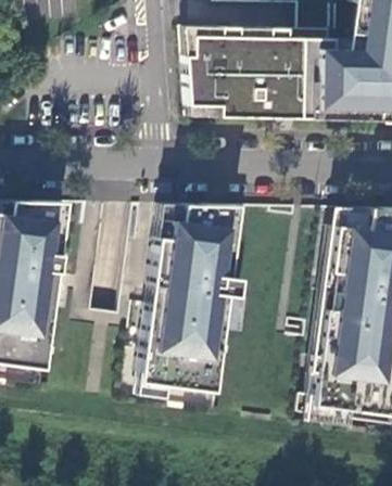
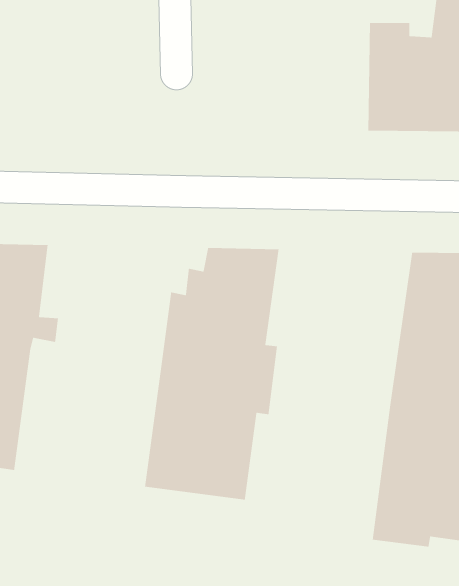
building: [185,25,303,117] -> none

